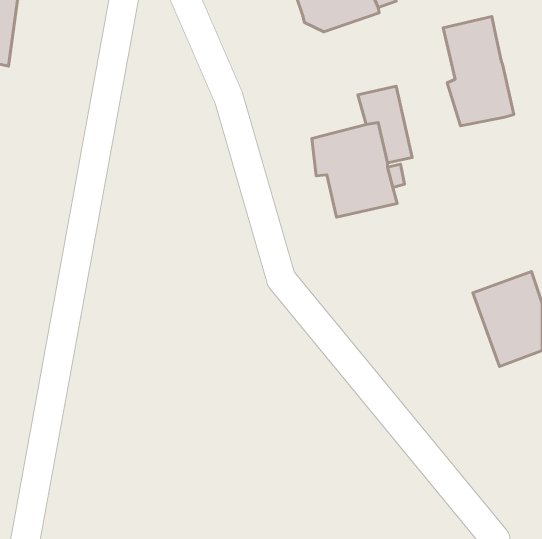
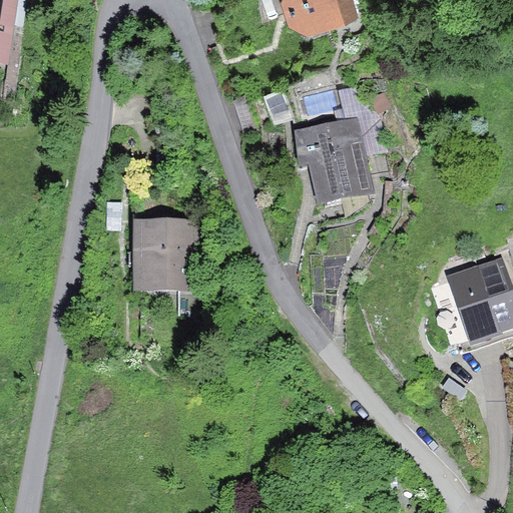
building: [443,16,514,126] -> none
building: none -> [132,221,199,292]

